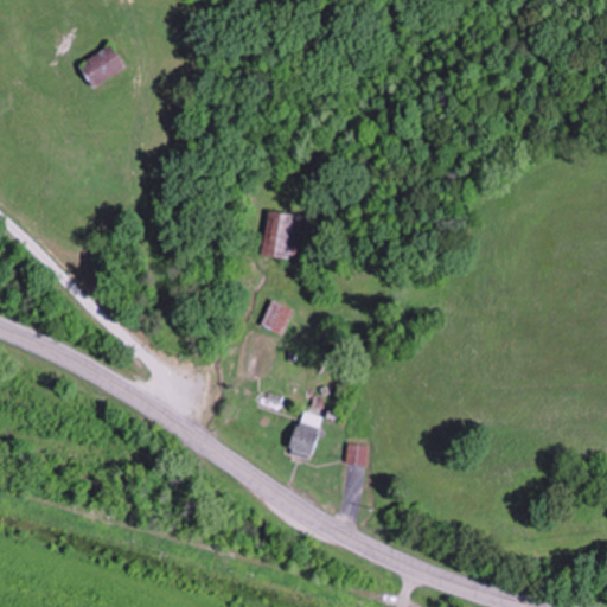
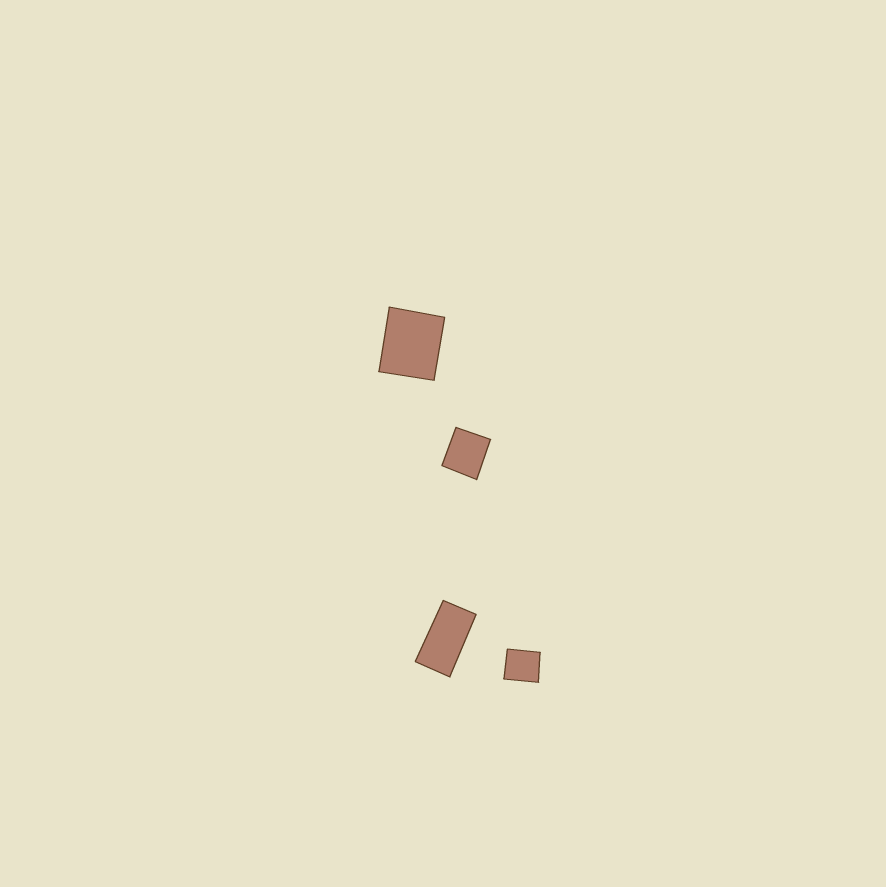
building: [77,44,123,88] -> none
building: [261,300,294,336] -> [442,427,491,480]

